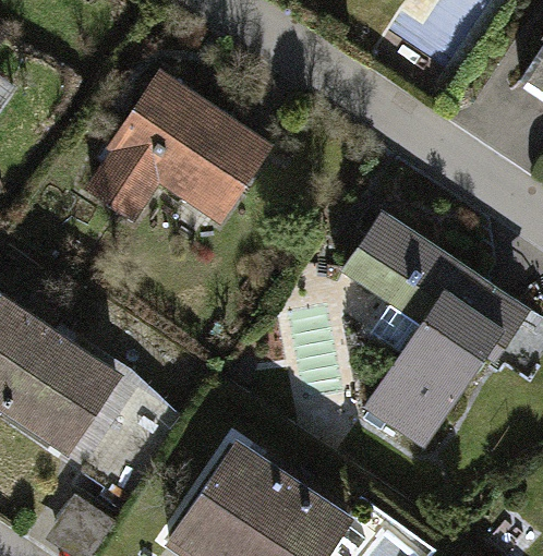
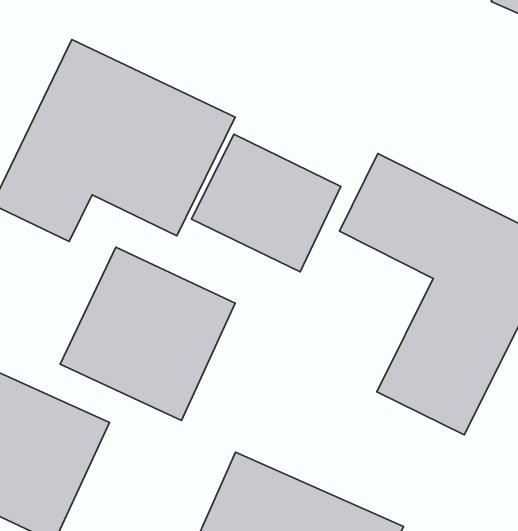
building: none -> [191,134,341,272]
building: none -> [60,247,235,421]

